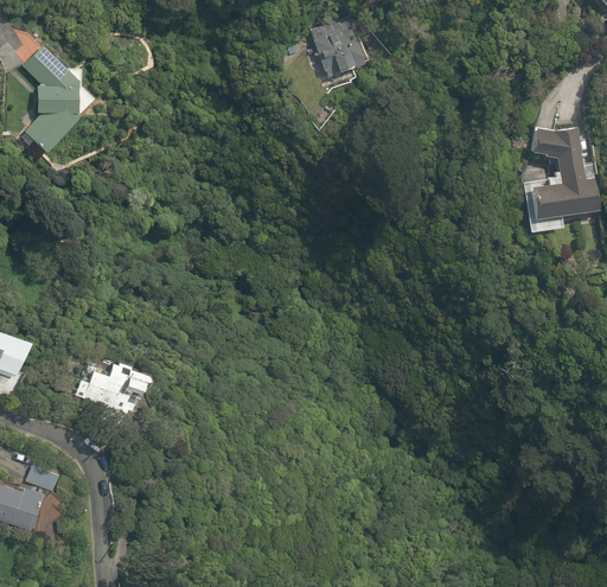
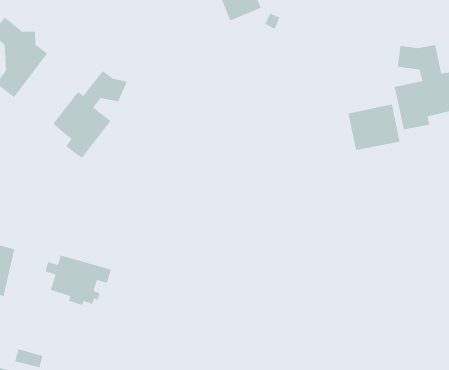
building: none -> [52,70,128,159]
building: none -> [348,103,401,151]

